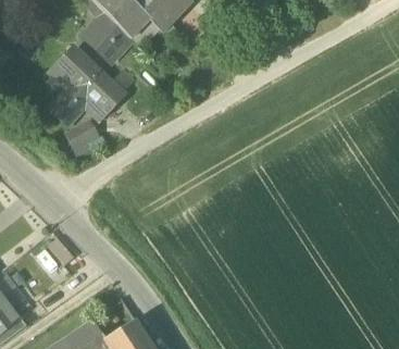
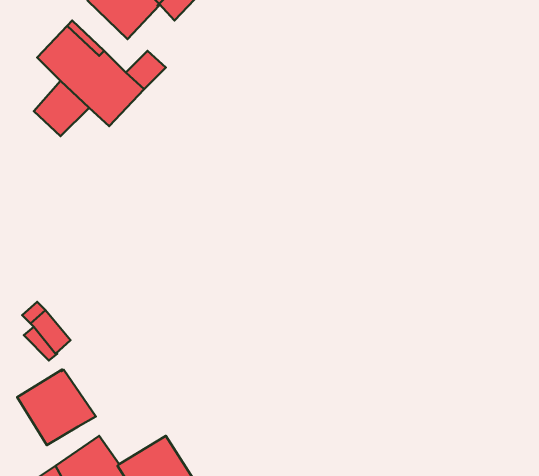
building: [64,119,103,157] -> none
building: none -> [17,369,96,445]

